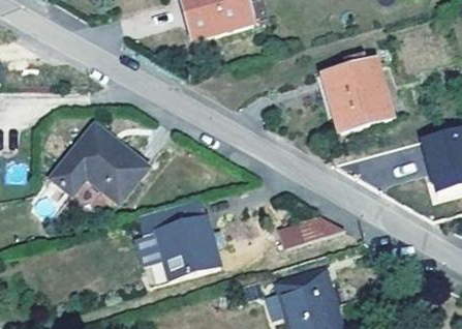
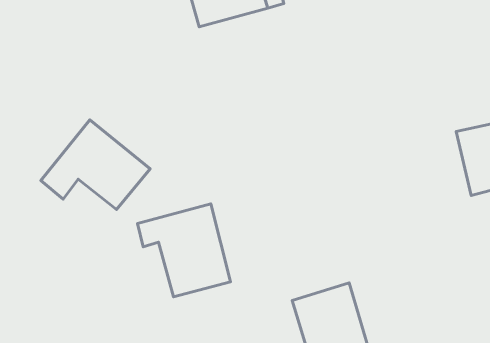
building: [324,55,391,133] -> none
building: [280,215,345,248] -> none

